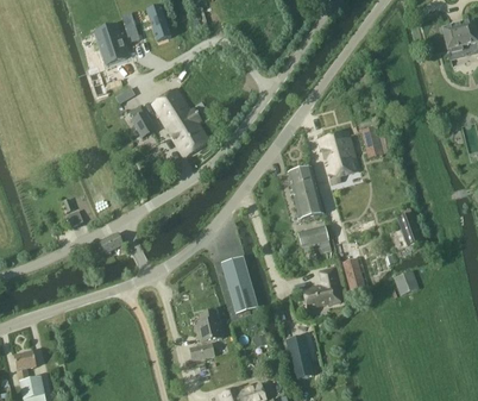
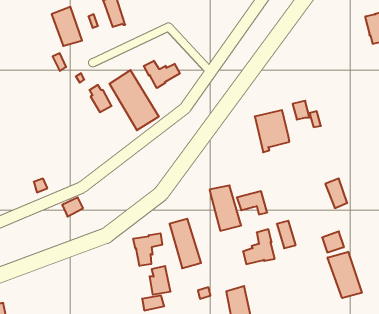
building: none -> [144,61,180,88]
building: [288,169,323,220] -> [210,185,241,231]
building: none -> [133,233,162,266]
building: none -> [328,252,362,298]

